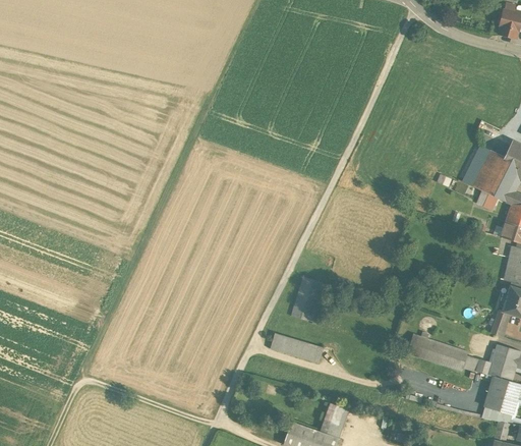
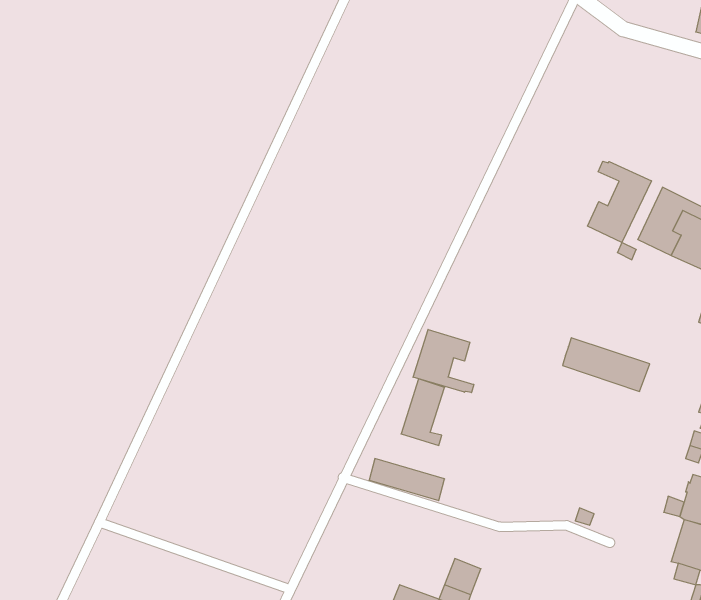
building: none -> [588,161,651,242]
building: none -> [413,329,474,393]
building: [407,334,468,372] -> [563,338,650,391]

